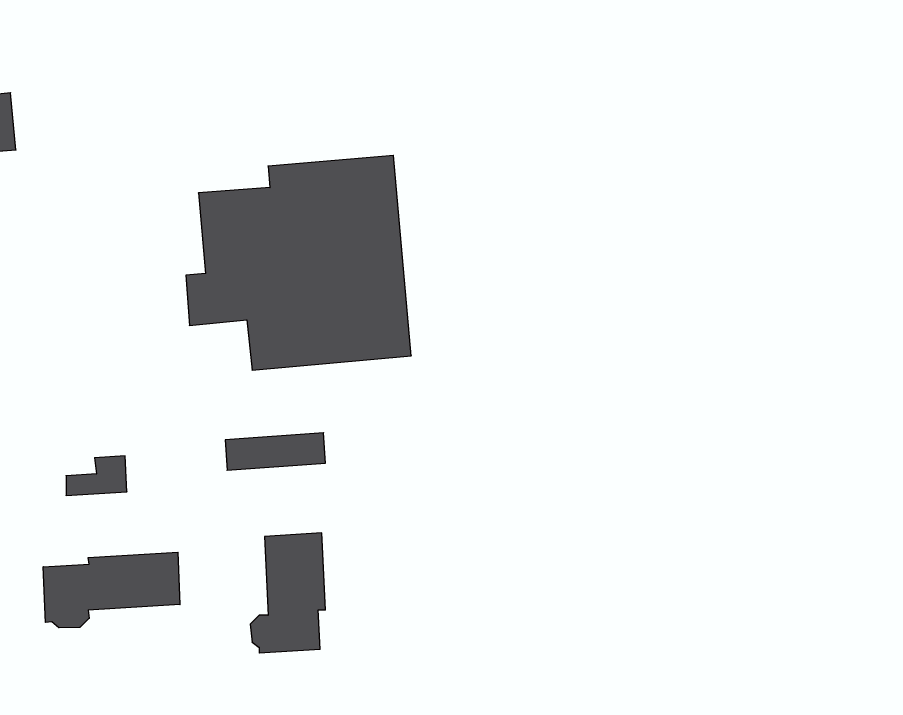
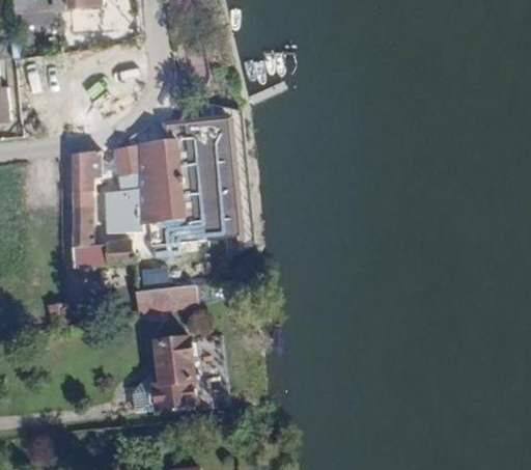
building: none -> [69,149,134,267]
building: [43,552,180,628] -> none

